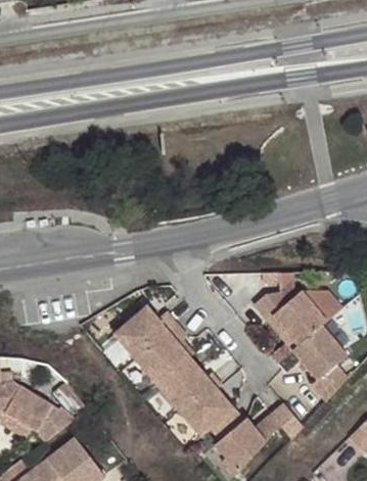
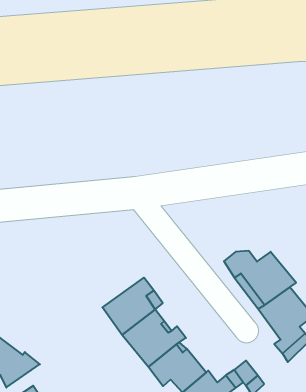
building: [110,304,172,356] -> none

